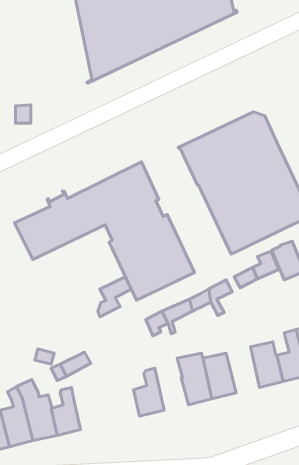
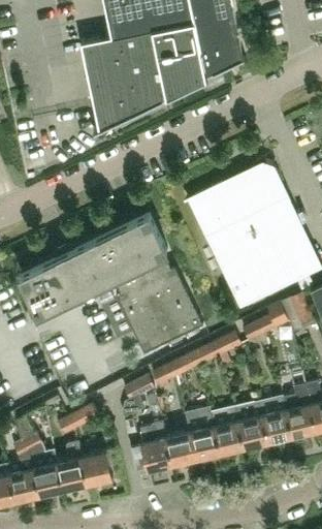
building: [98,277,131,317] -> [122,376,156,416]
building: none -> [235,401,269,447]
building: none -> [163,423,197,465]
building: none -> [82,452,112,485]

